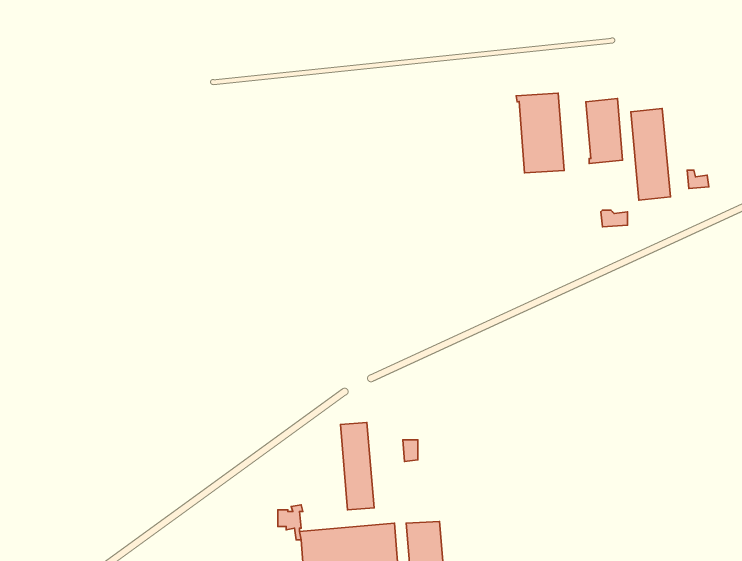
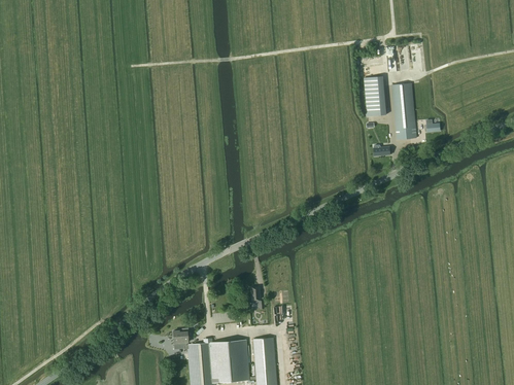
building: [516,93,564,173] -> none
building: [340,423,374,510] -> none

